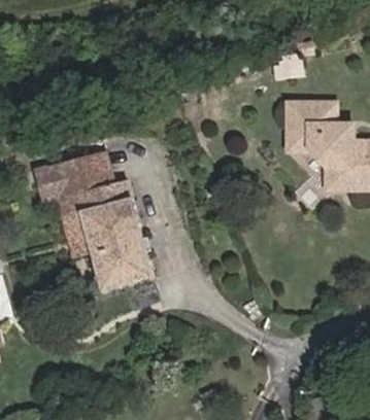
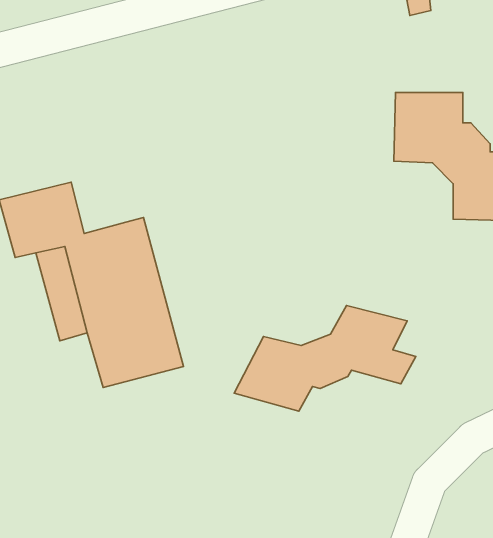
building: [79,151,114,191] -> none
building: none -> [234,305,416,411]

